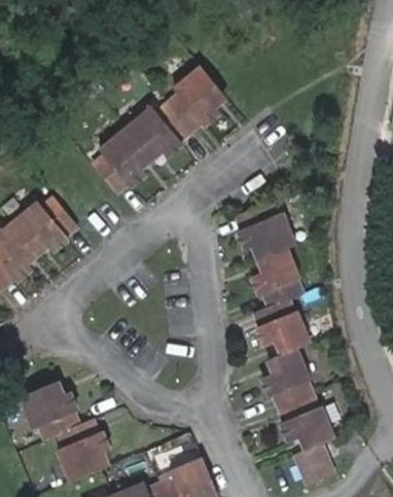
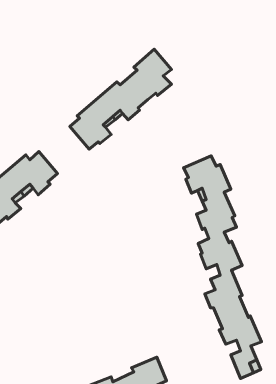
building: [17,387,107,482] -> none

